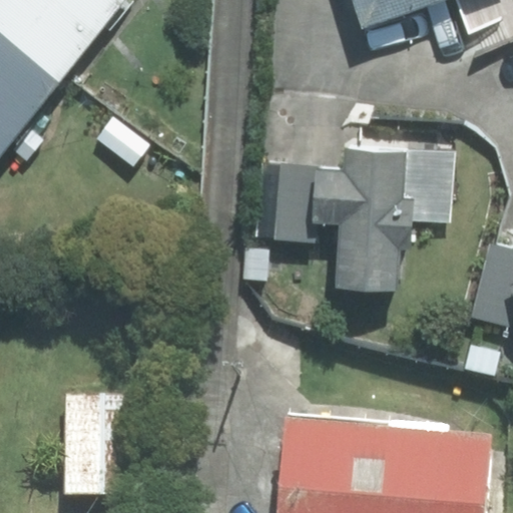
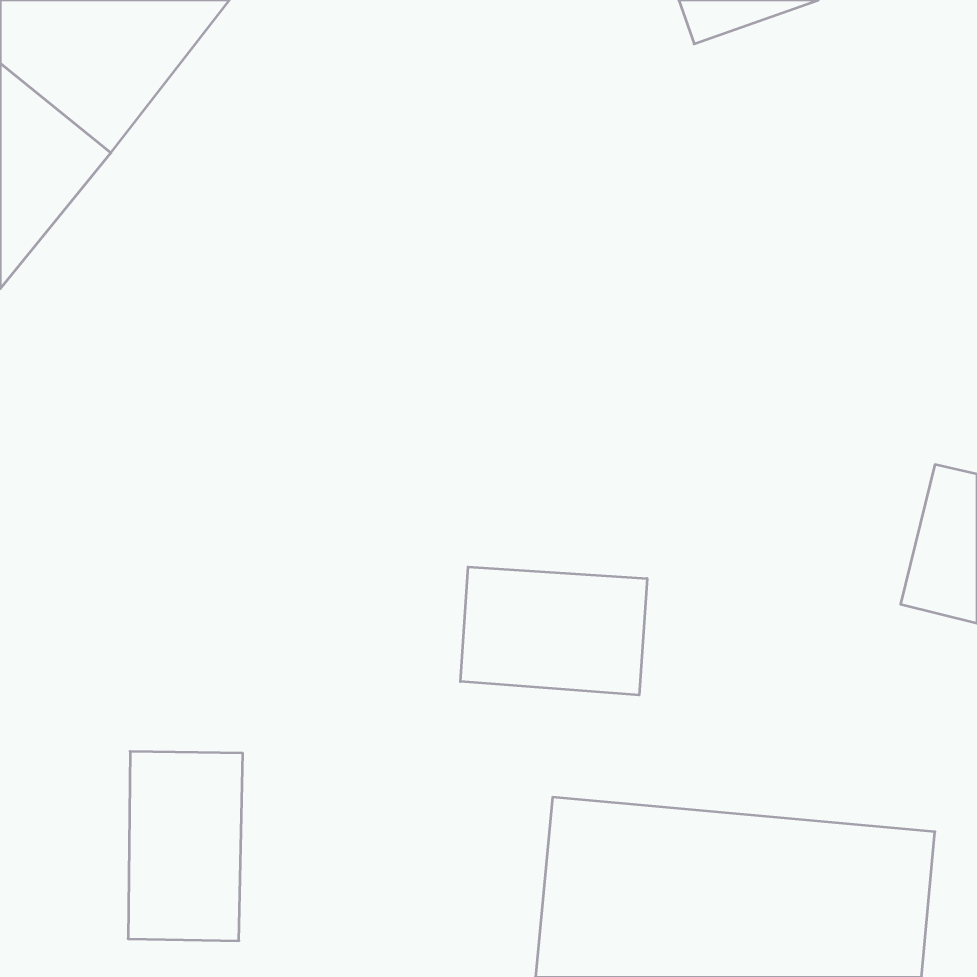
building: [261,146,415,290] -> none
building: none -> [460,567,647,695]

